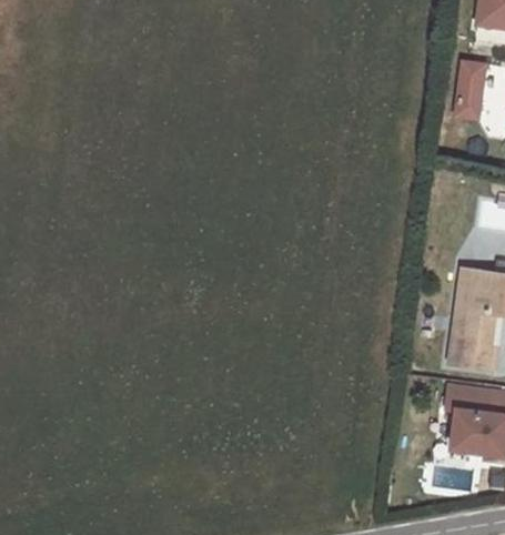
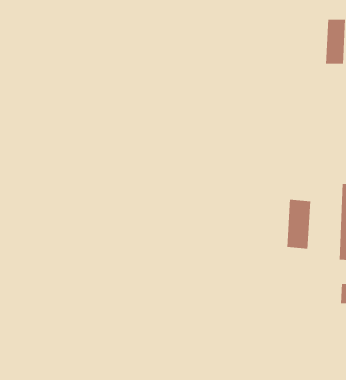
building: none -> [287,199,311,249]

